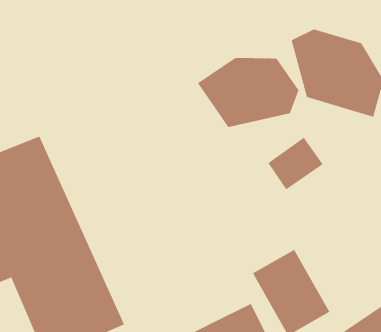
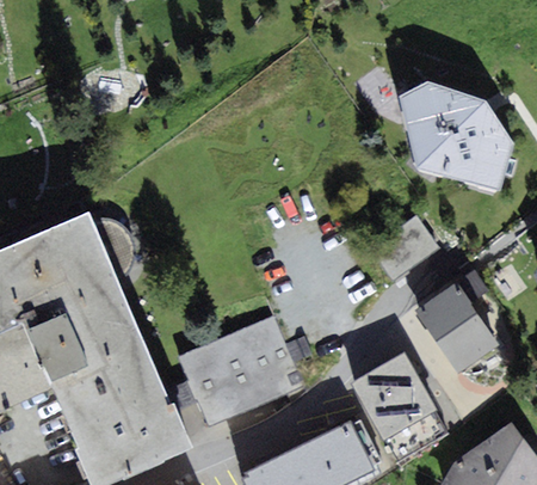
building: [197,57,299,128] -> none
building: none -> [414,282,499,374]
building: none -> [179,315,303,425]

